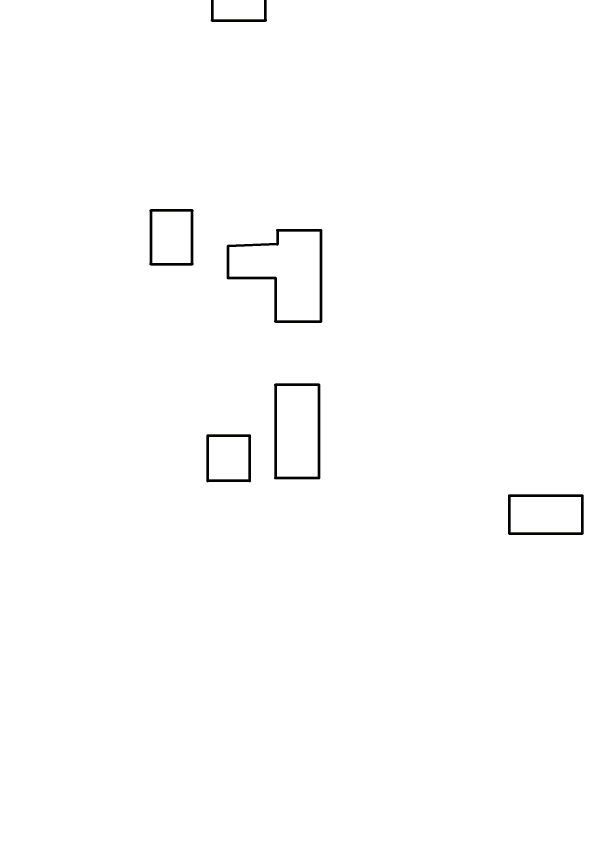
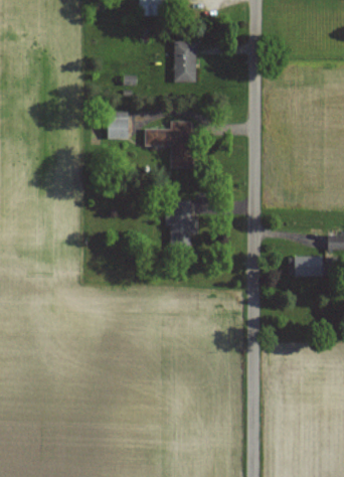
building: none -> [174,41,195,83]
building: [208,436,250,481] -> none

